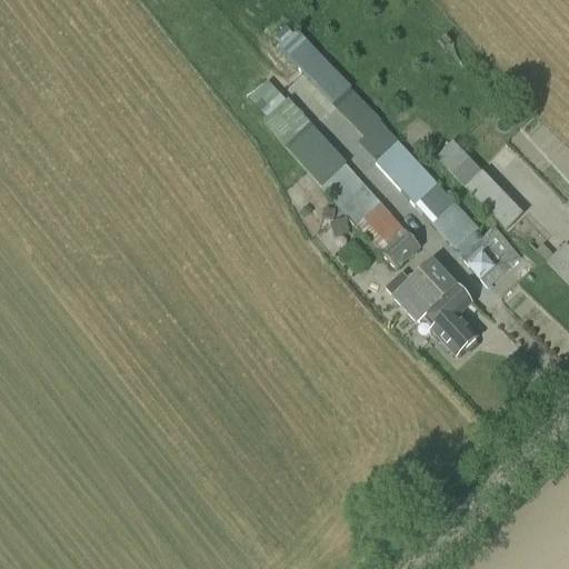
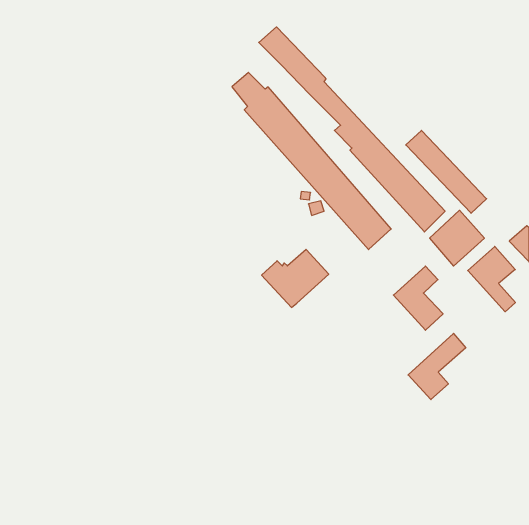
building: [385,259,457,321] -> [262,249,329,307]
building: none -> [468,246,515,312]
building: none -> [408,333,466,400]

